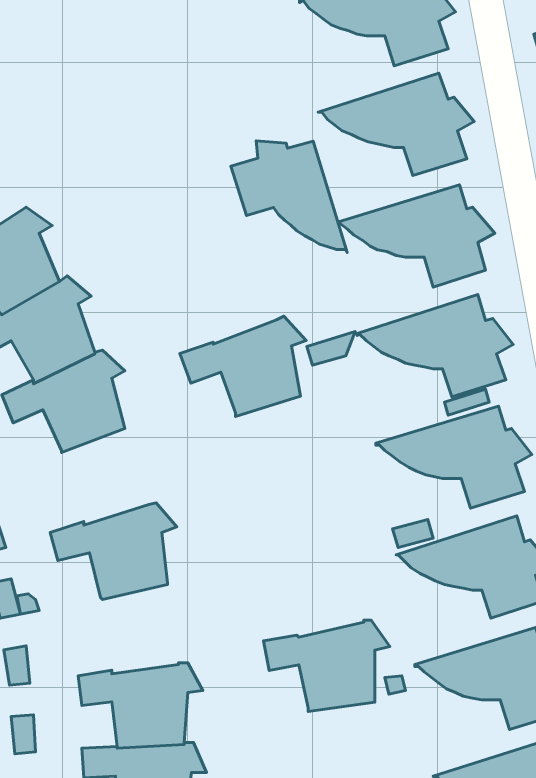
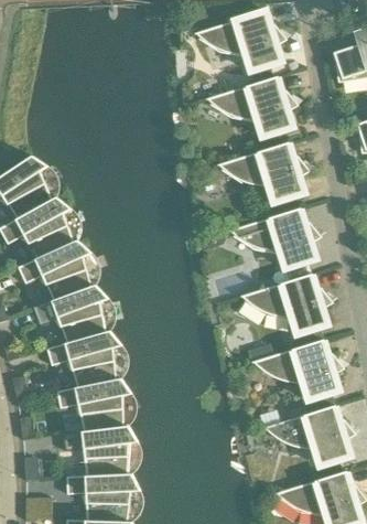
building: [231,141,347,252] -> none
building: [180,316,306,417] -> [34,286,109,345]
building: [263,620,390,711] -> [57,379,132,434]

